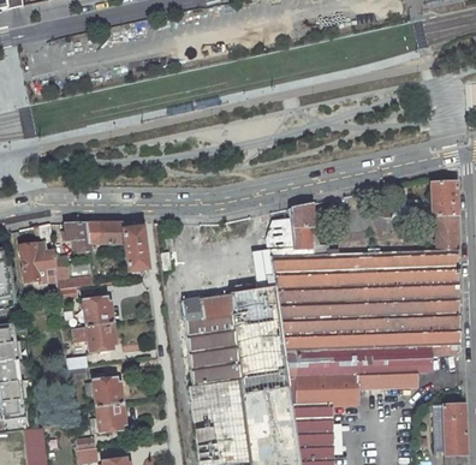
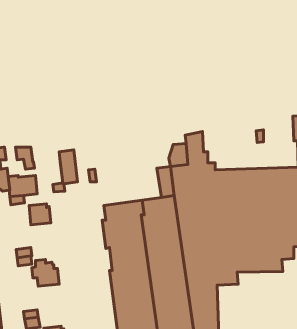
building: [85,222,124,242] -> none
building: [72,322,114,352] -> none
building: [90,403,125,433] -> none

